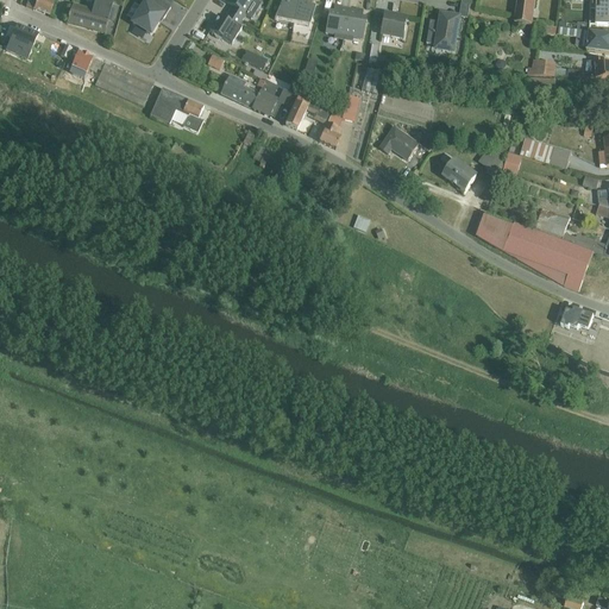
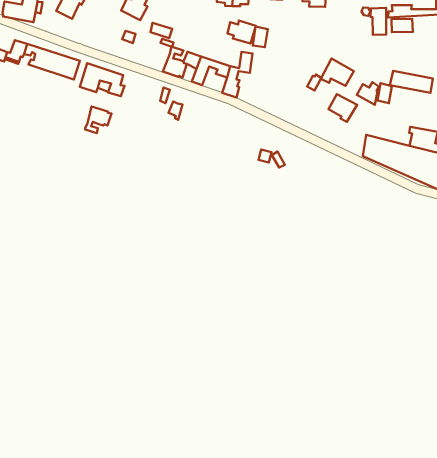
building: none -> [227,20,256,44]
building: none -> [371,8,386,35]
building: [220,73,259,107] -> none
building: [379,124,420,158] -> [321,59,354,86]
building: none -> [85,106,111,133]

